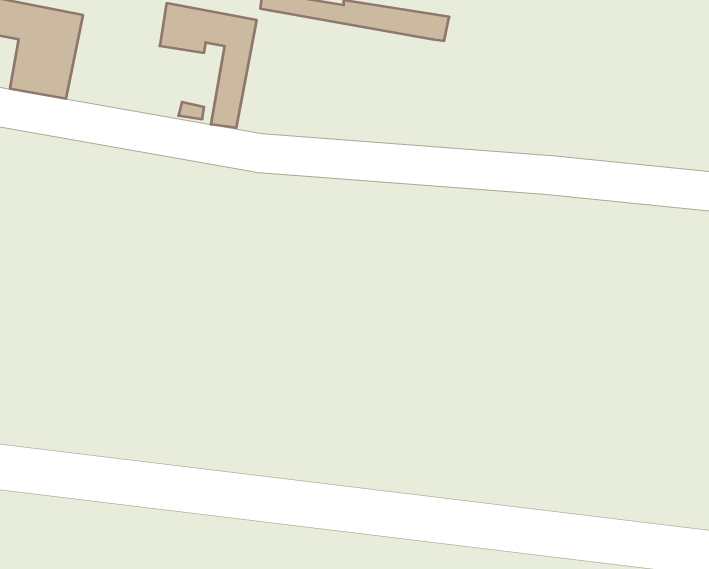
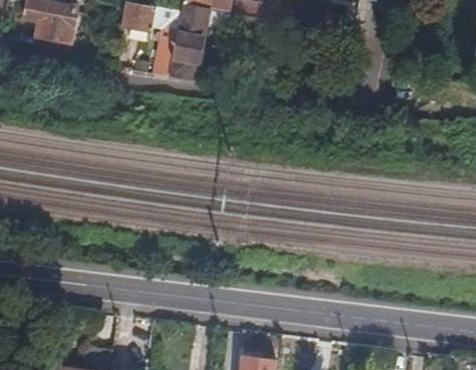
building: none -> [169,6,284,79]

